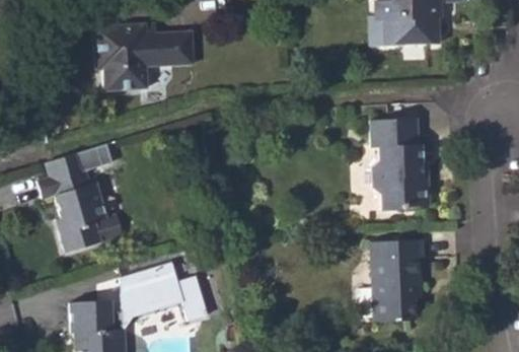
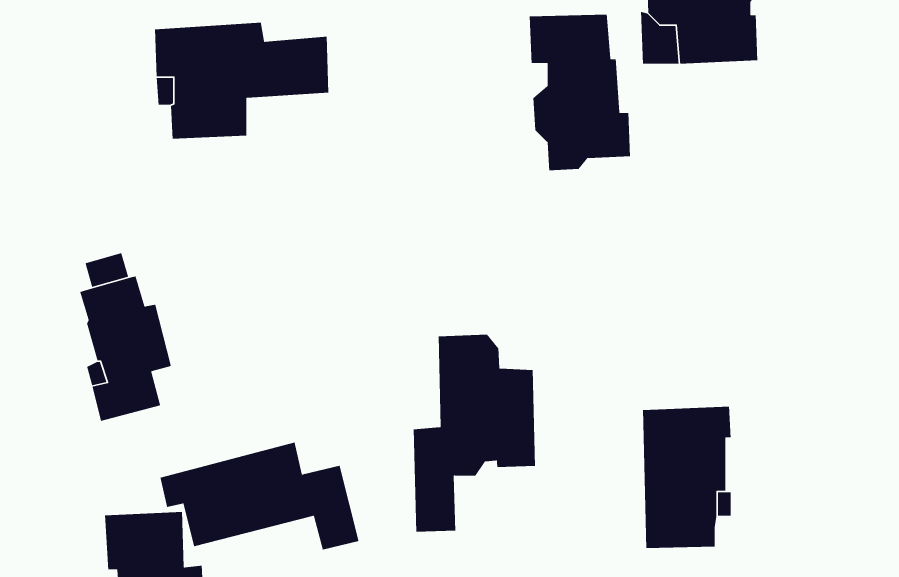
building: [372,121,430,210] -> [529,14,631,171]
building: none -> [413,334,536,533]

